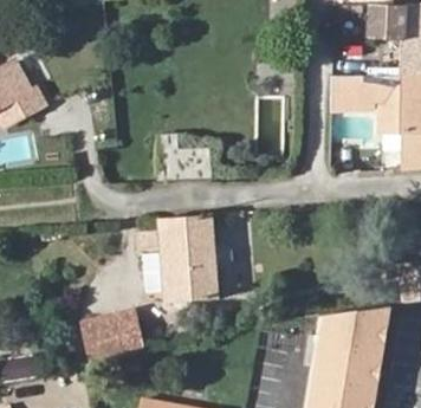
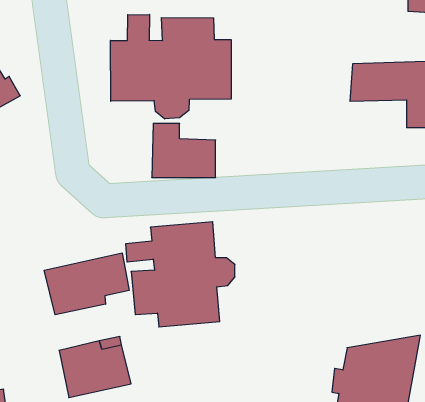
building: none -> [111,14,231,119]
building: none -> [44,253,129,315]

